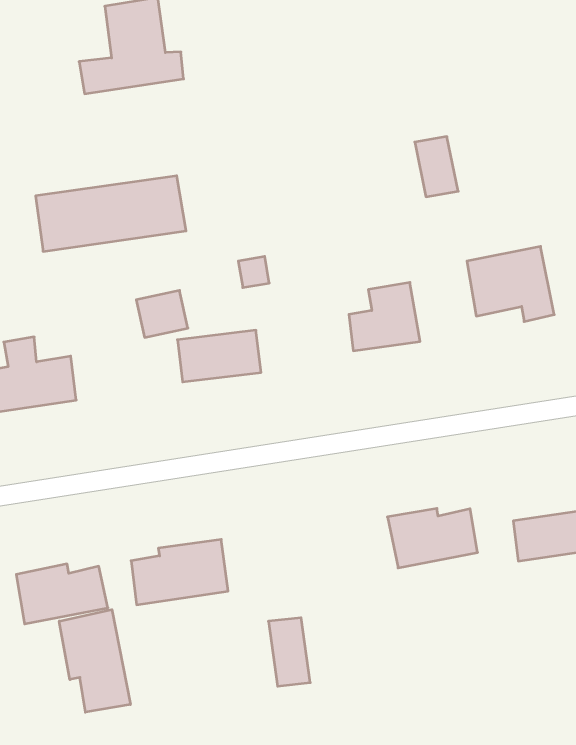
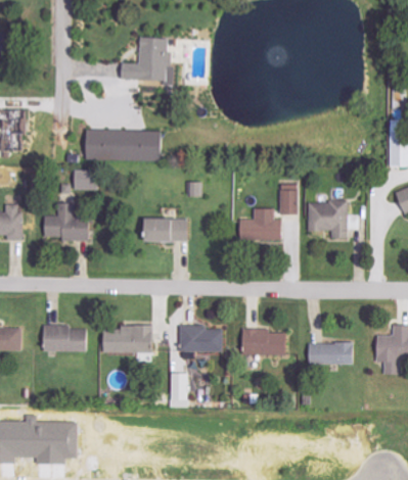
building: [415,137,458,197] -> [277,185,296,214]
building: [136,290,188,337] -> [73,170,97,191]
building: none -> [178,326,222,352]
building: [59,610,130,712] -> none

